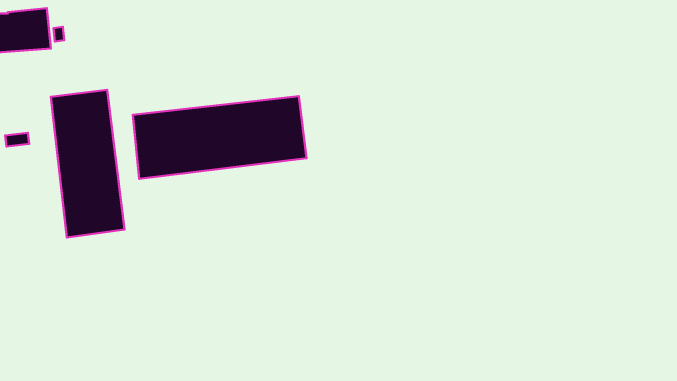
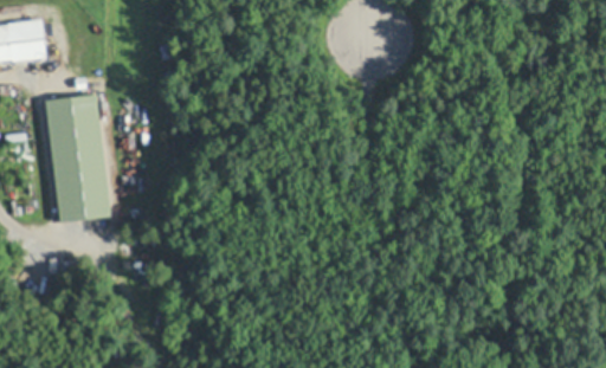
building: [133,96,306,179] -> none

